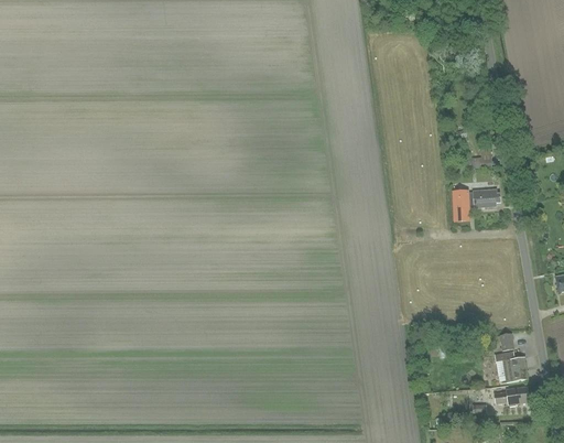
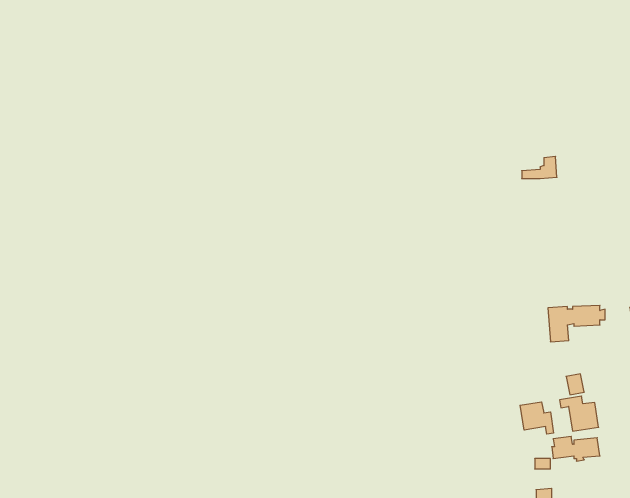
building: [452,188,500,219] -> [548,305,605,342]
building: none -> [520,402,553,434]

